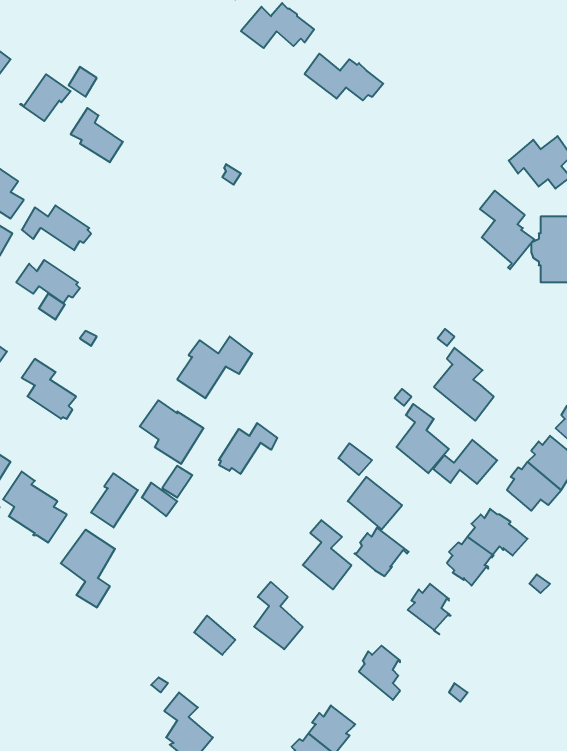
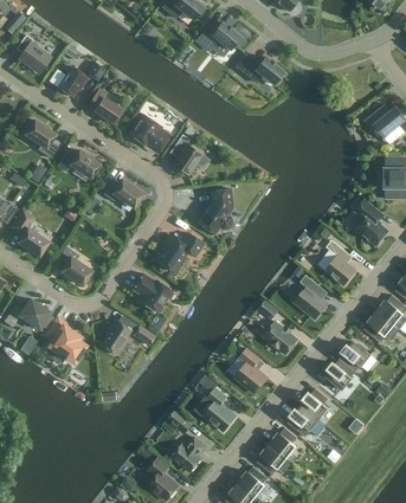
building: none -> [129,114,169,149]
building: none -> [172,134,208,174]
building: [480,191,534,269] -> [354,199,388,249]
building: [16,260,80,303] -> [103,179,143,206]
building: none -> [196,188,232,231]
building: [219,423,277,474] -> none
building: [433,440,497,484] -> none
building: [354,527,409,576] -> [286,405,321,436]
building: [61,530,115,608] -> none
building: none -> [170,437,205,471]
building: none -> [256,444,291,473]

